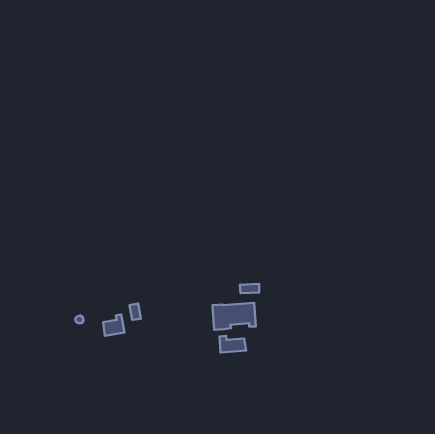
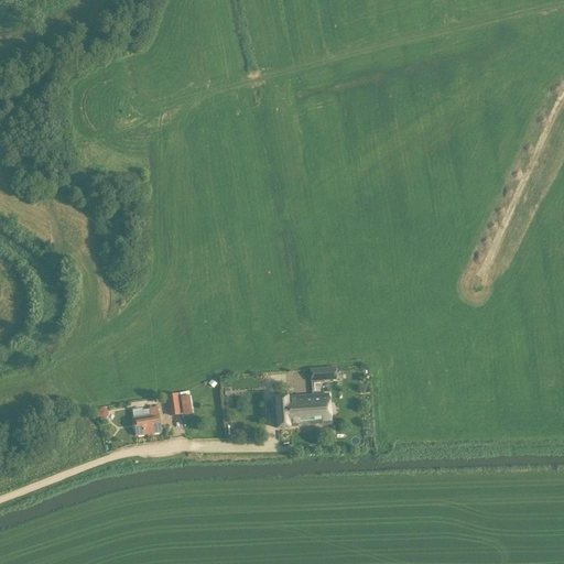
building: [220,336,246,352] -> none

